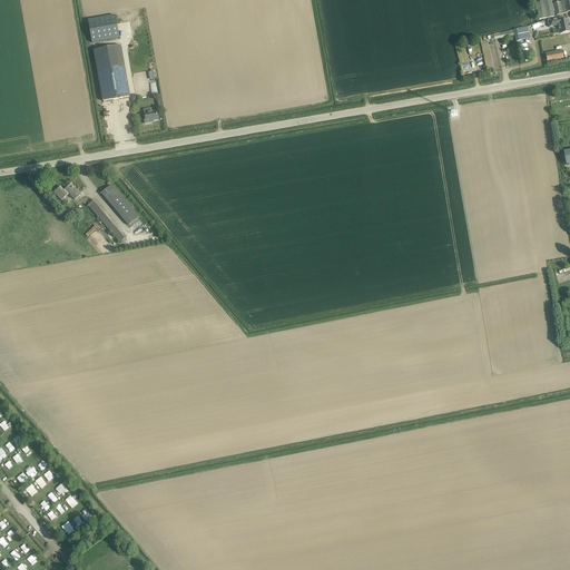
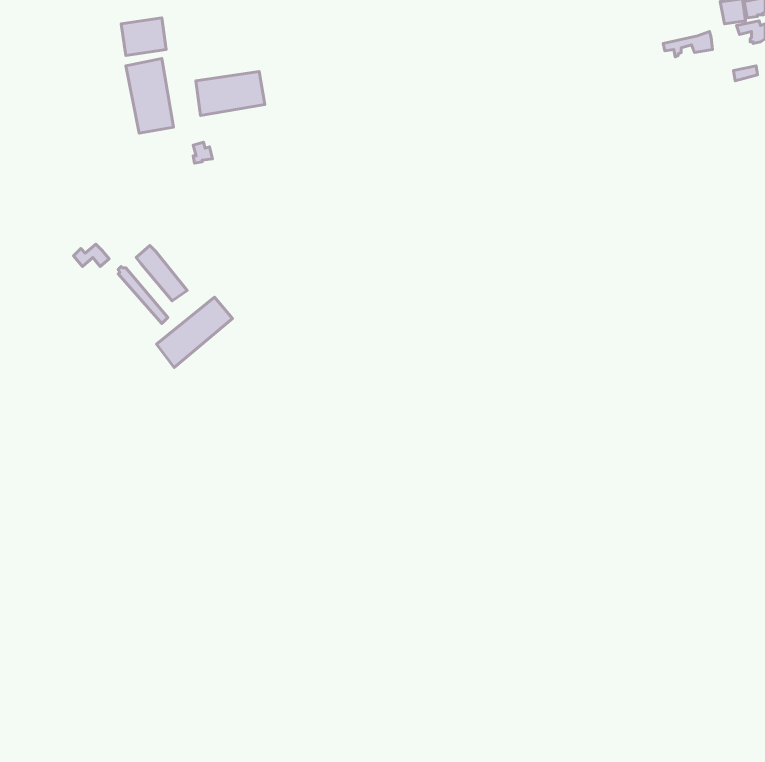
building: none -> [196,72,265,116]
building: none -> [156,297,232,368]

